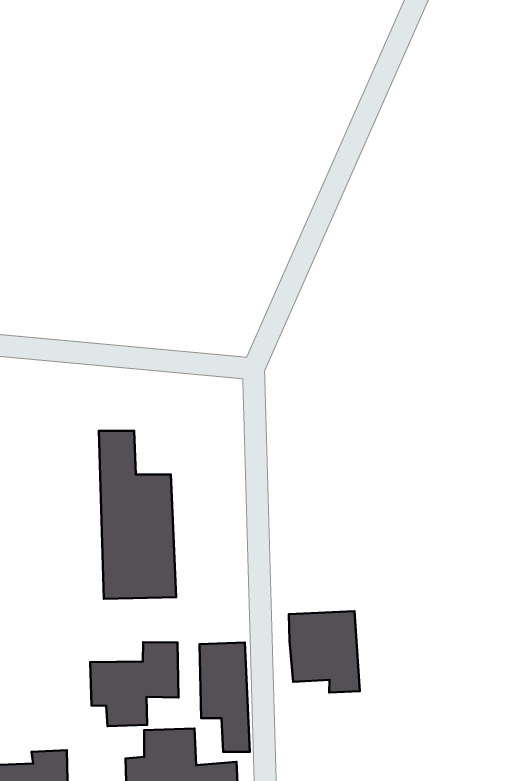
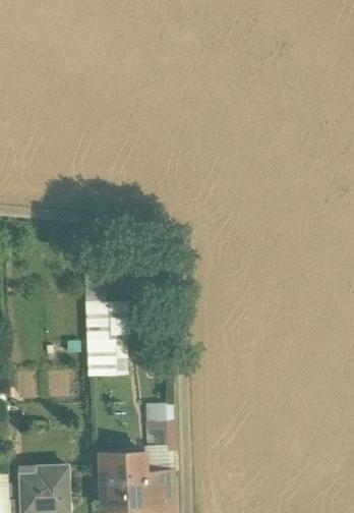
building: [289,611,360,692] -> none
building: [90,642,178,726] -> none

